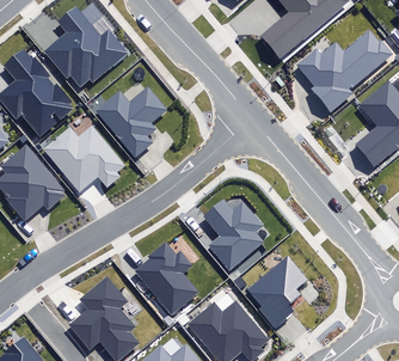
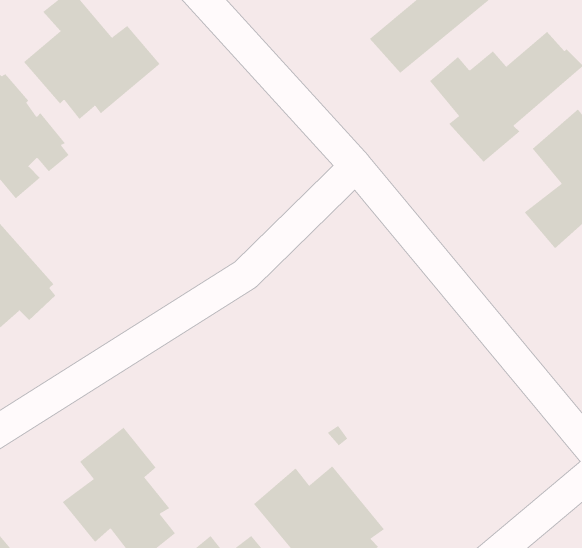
building: [96,87,166,158] -> none
building: [43,128,124,191] -> none
building: [204,200,265,271] -> none
building: [135,243,201,317] -> none
building: [247,257,306,329] -> none

